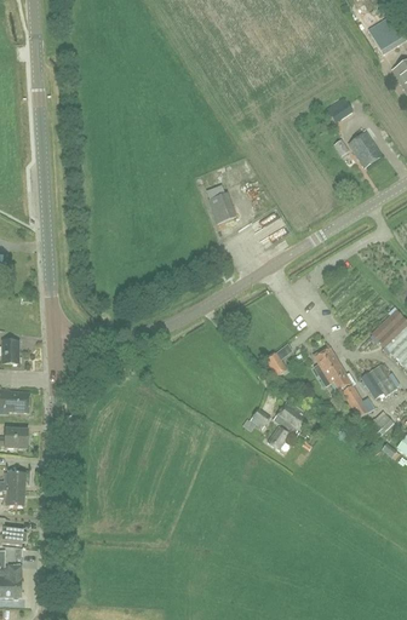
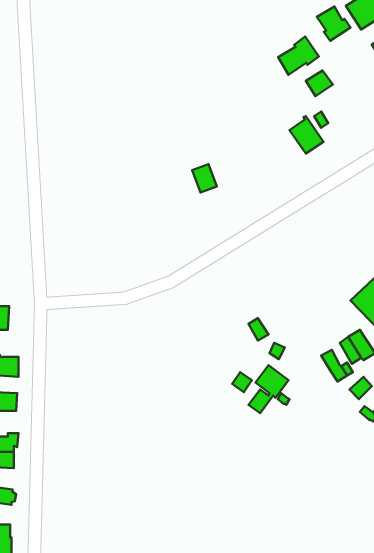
building: none -> [317,6,351,41]
building: none -> [278,37,319,75]
building: [346,128,382,167] -> [289,116,323,154]
building: [311,346,350,389] -> none

